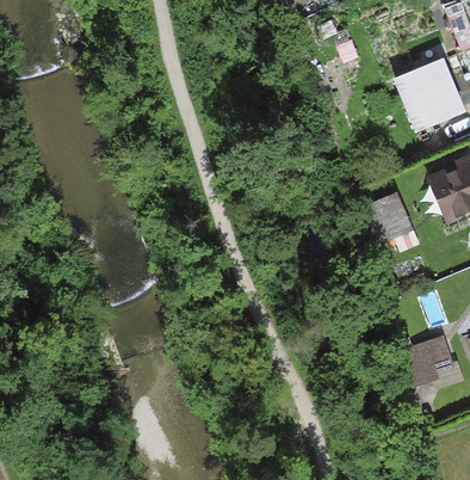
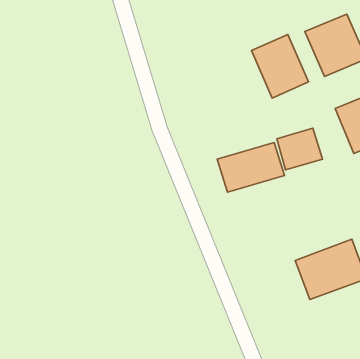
building: none -> [251,34,308,98]
building: none -> [217,143,285,192]

